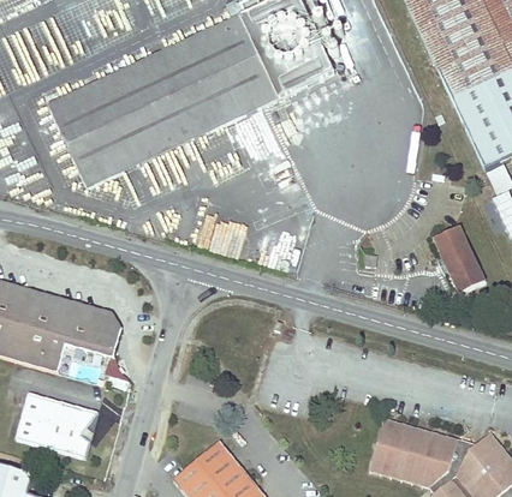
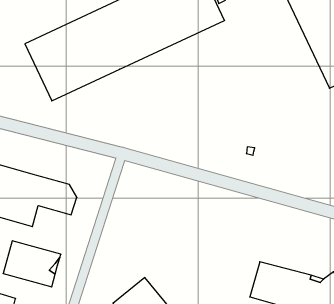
building: [433,227,484,293] -> none

